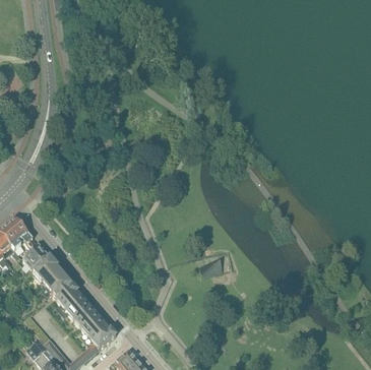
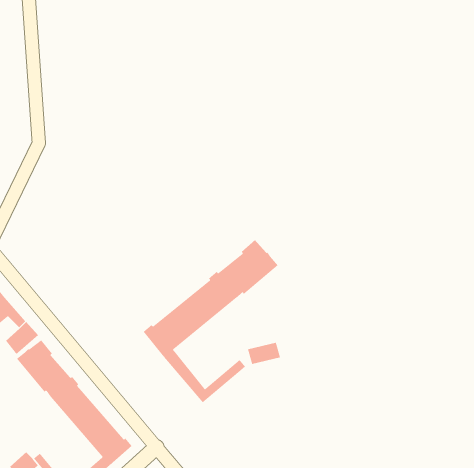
building: none -> [143,239,278,403]

